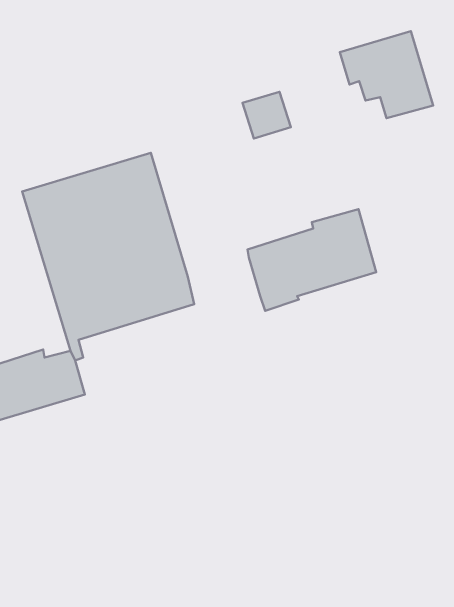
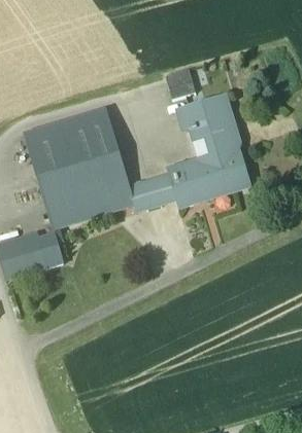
building: [340,31,433,118] -> [179,96,239,151]
building: none -> [130,174,176,211]

